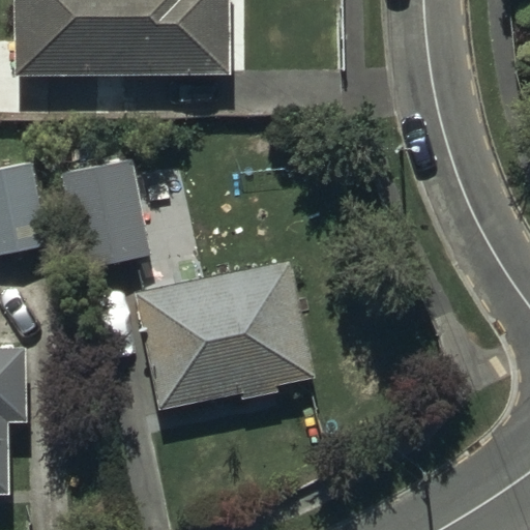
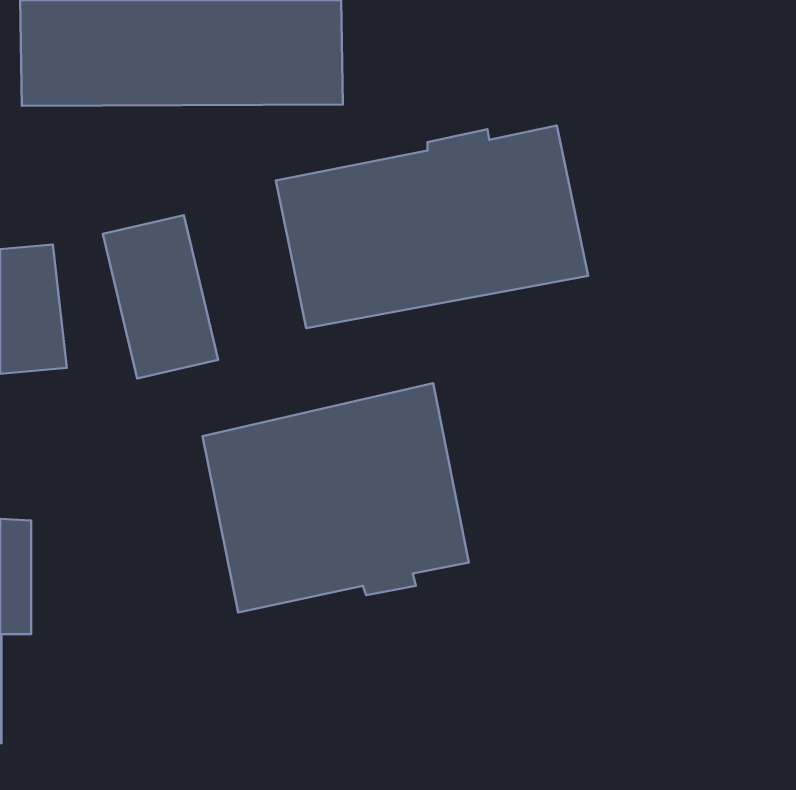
building: none -> [276,126,588,328]

